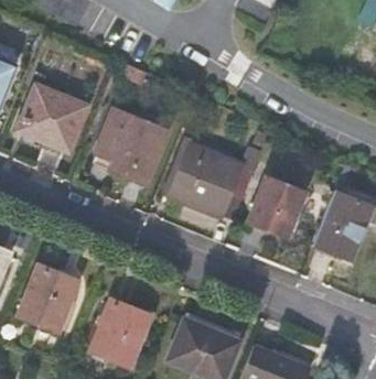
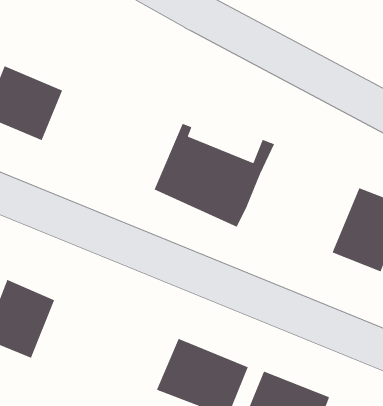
building: [94,108,170,184] -> none
building: [240,173,305,239] -> none
building: [89,299,151,367] -> none

